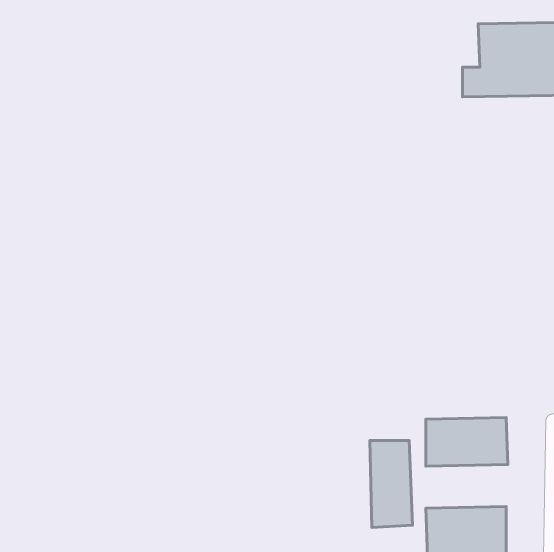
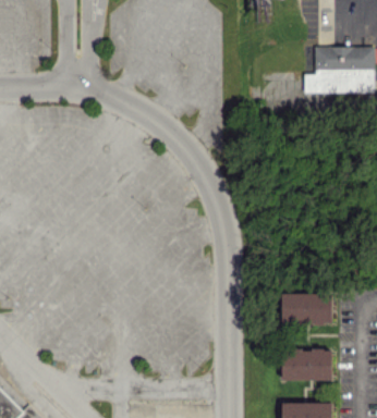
building: [370,440,412,527] -> none

